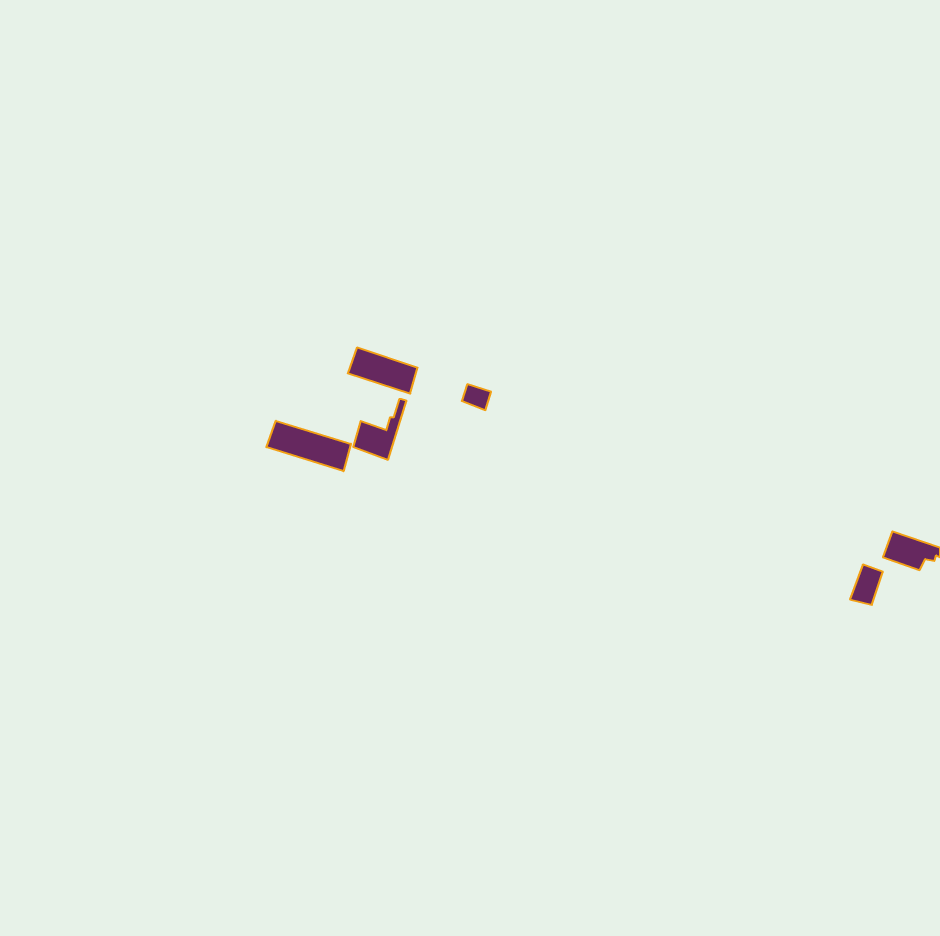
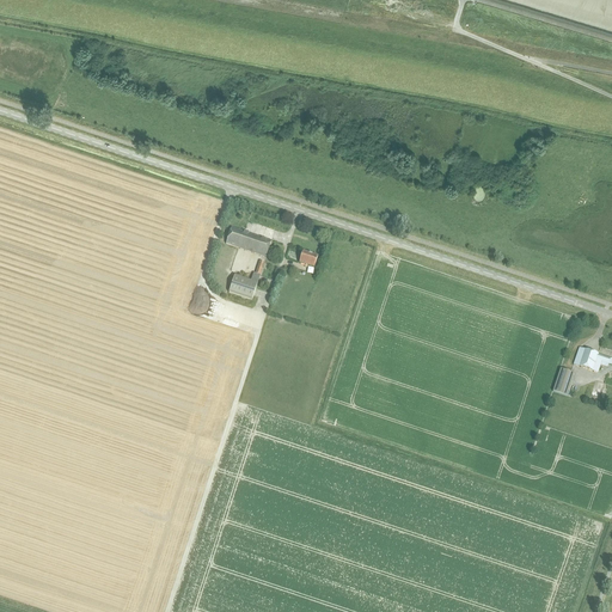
building: [266,421,351,471] -> none

